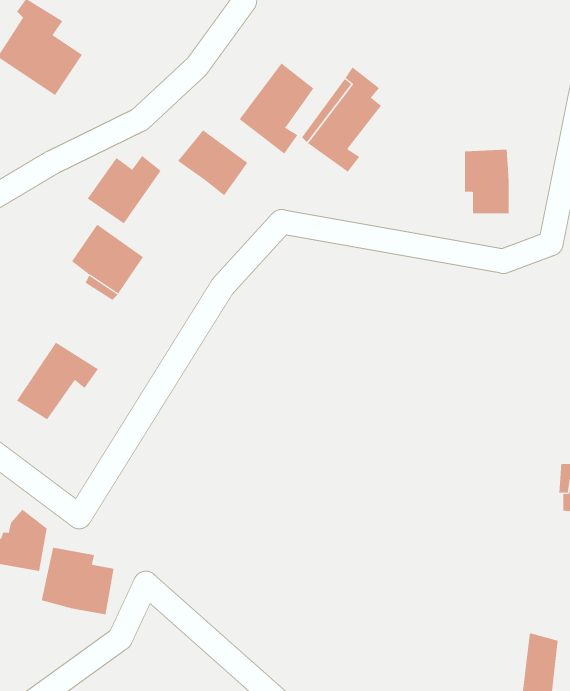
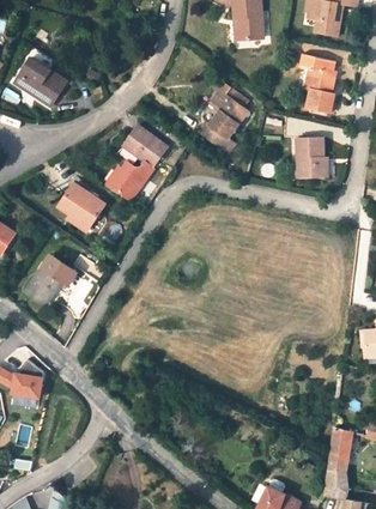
building: none -> [307,66,336,113]
building: [239,63,314,155] -> none
building: [87,155,161,224] -> [107,158,152,200]
building: [41,547,114,615] -> none

